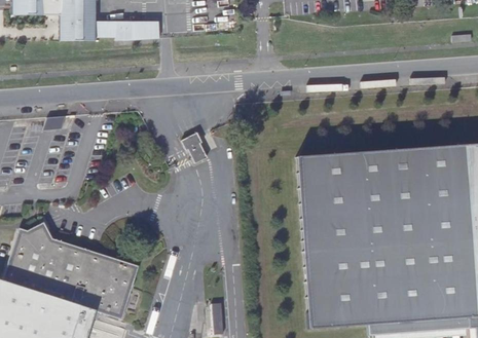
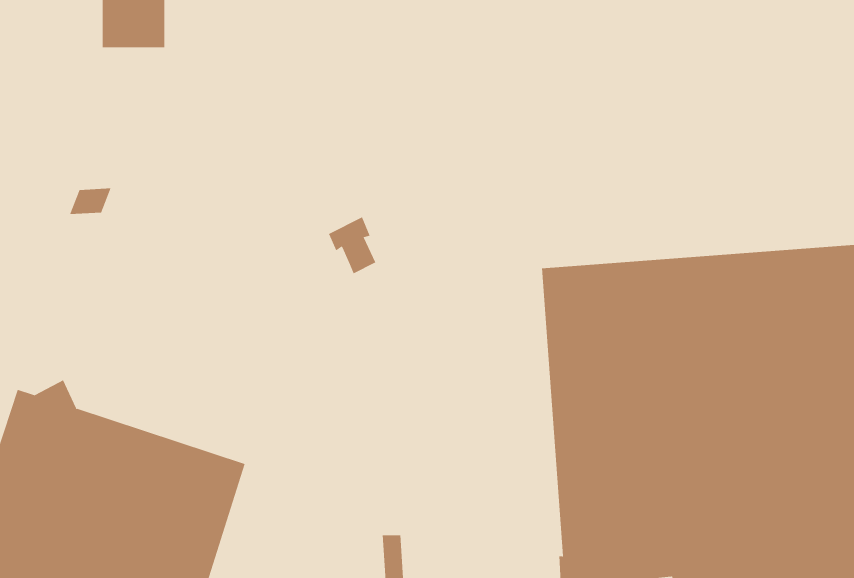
building: [96,22,157,41] -> none

